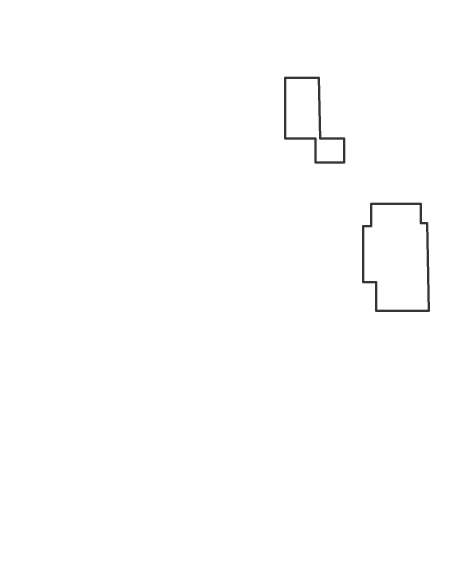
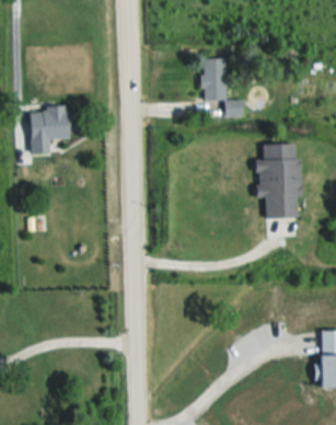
building: none -> [30,107,71,153]

